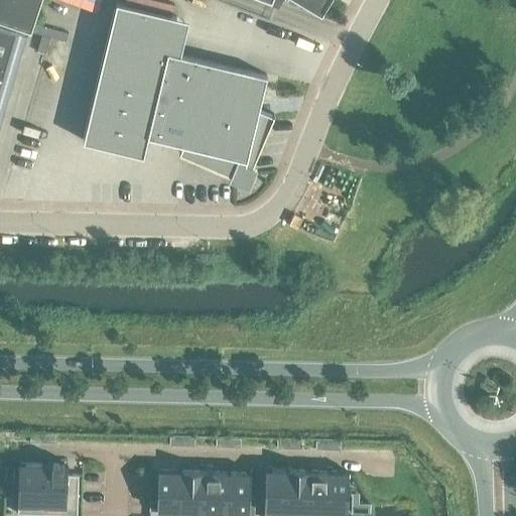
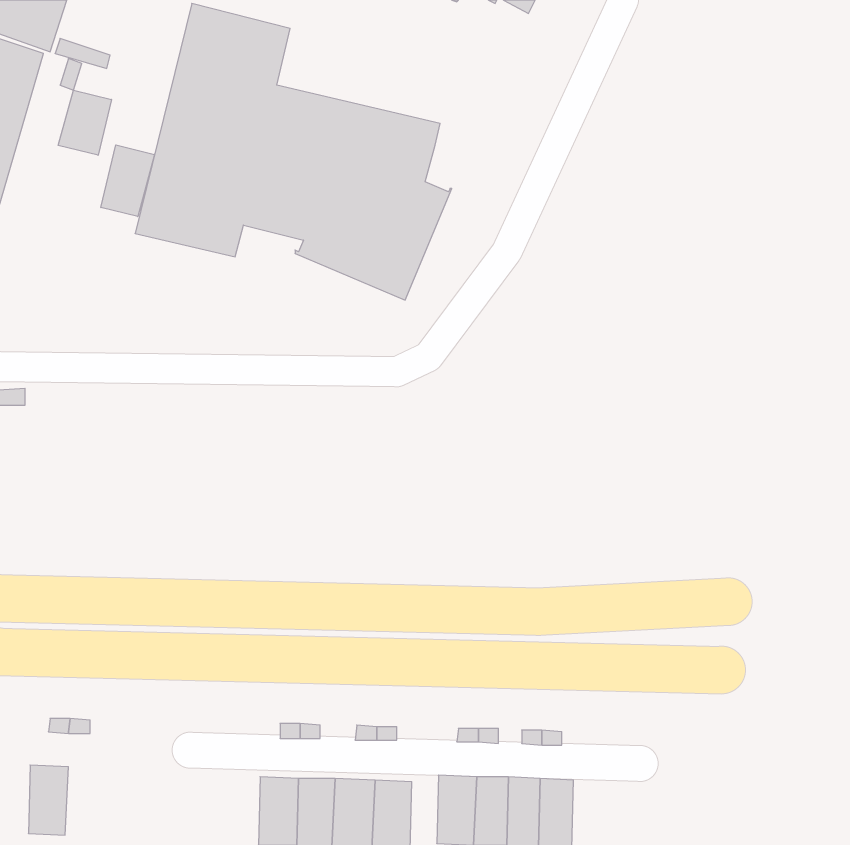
building: none -> [58,90,111,155]
building: none -> [101,145,154,217]
building: [39,468,67,509] -> none

